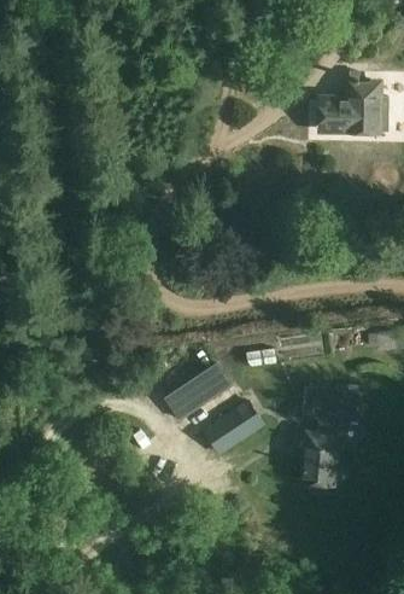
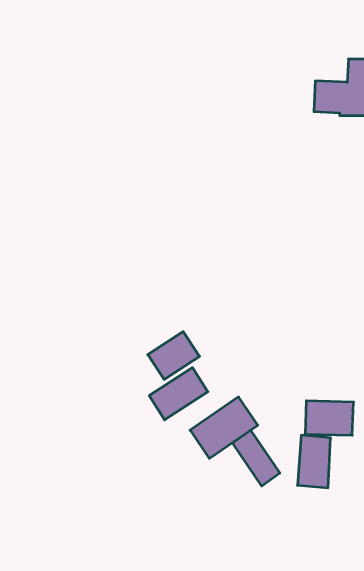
building: none -> [148,332,200,379]
building: none -> [232,430,280,486]

